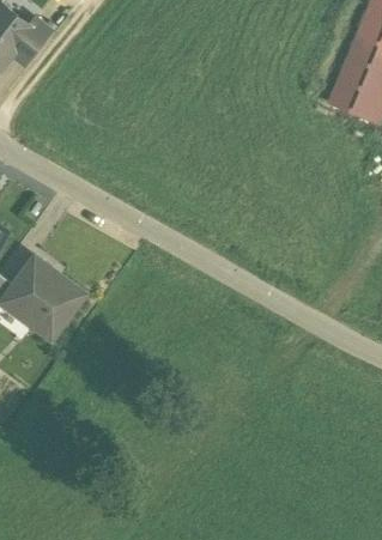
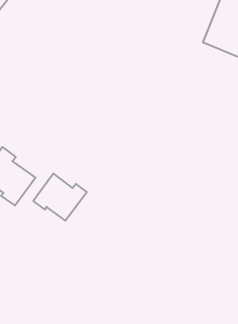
building: none -> [33,173,87,221]

